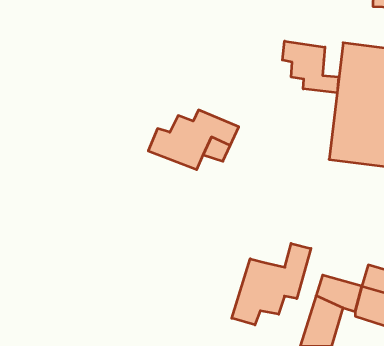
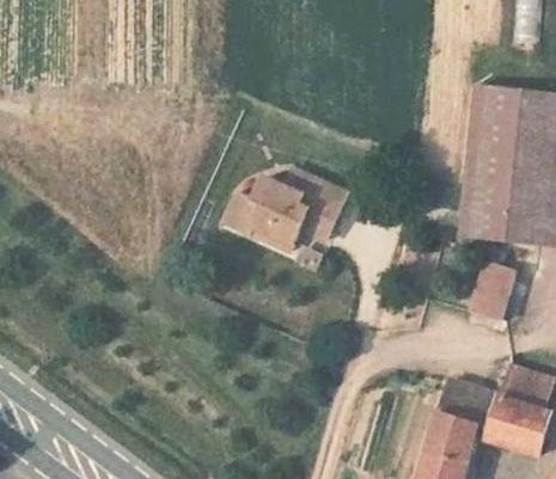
building: [282,41,339,93] -> none
building: none -> [470,265,514,319]
building: [232,243,311,325] -> none

